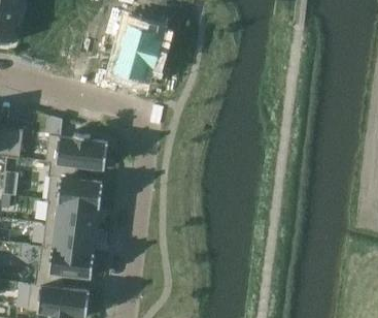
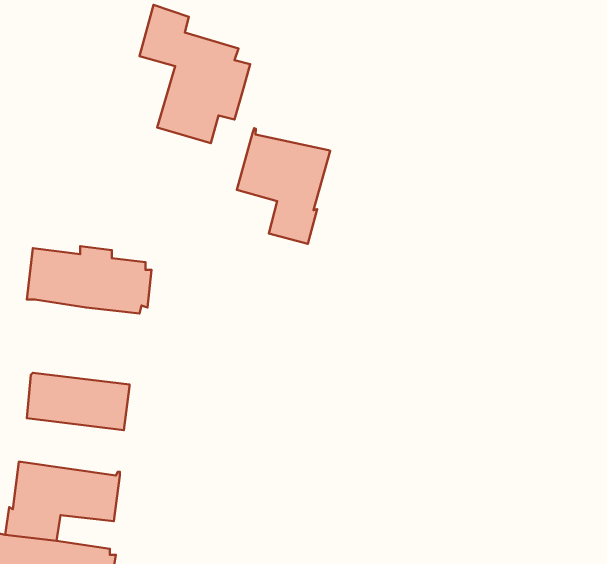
building: none -> [237,128,330,244]
building: [47,161,104,206] -> none
building: [43,223,97,253] -> none

